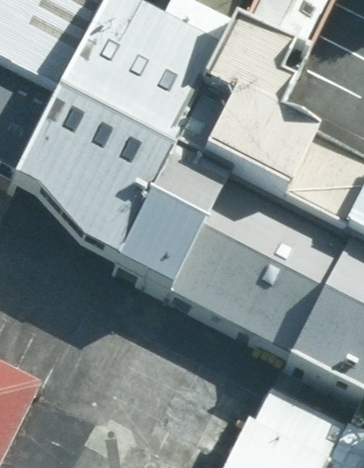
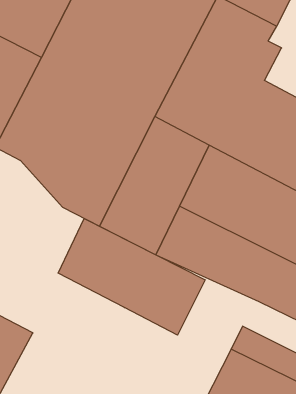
building: none -> [58,219,205,335]

